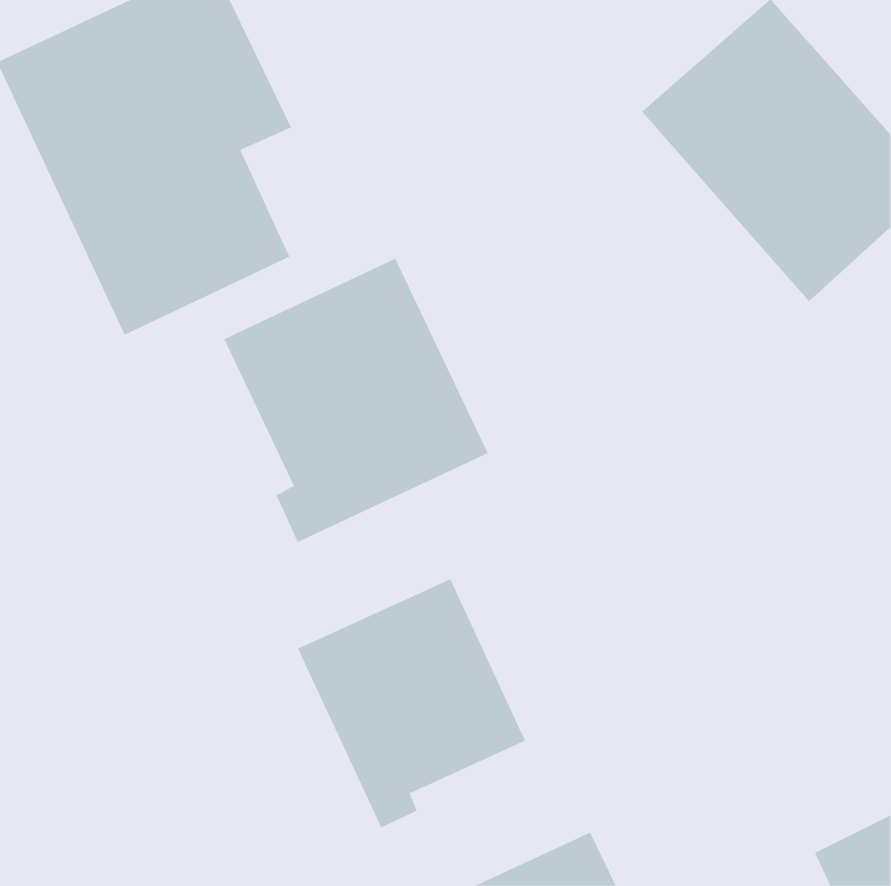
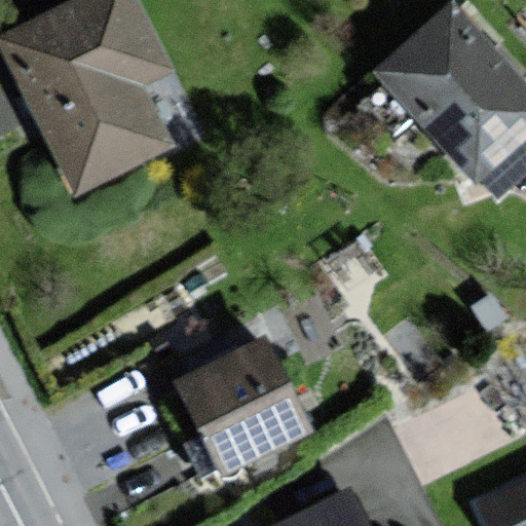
building: [223,258,489,543] -> none

